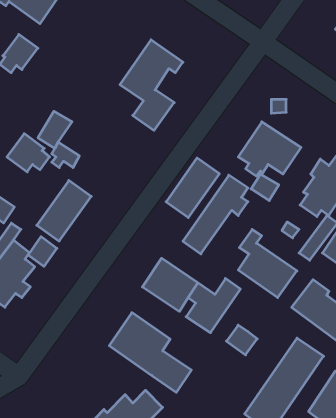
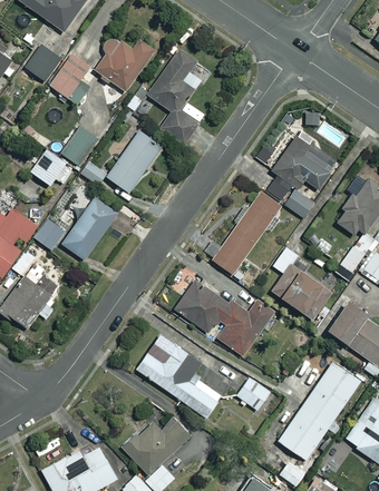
building: none -> [96,33,154,91]
building: none -> [50,52,93,104]
building: [166,158,219,218] -> [106,130,162,193]
building: [28,237,57,266] -> [35,218,65,249]
building: [226,325,257,355] -> [236,377,269,409]

